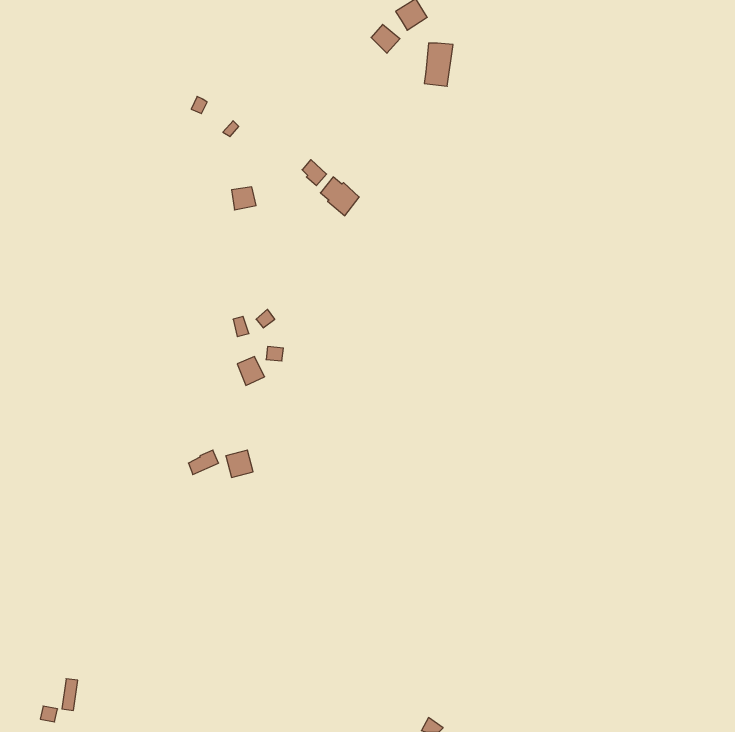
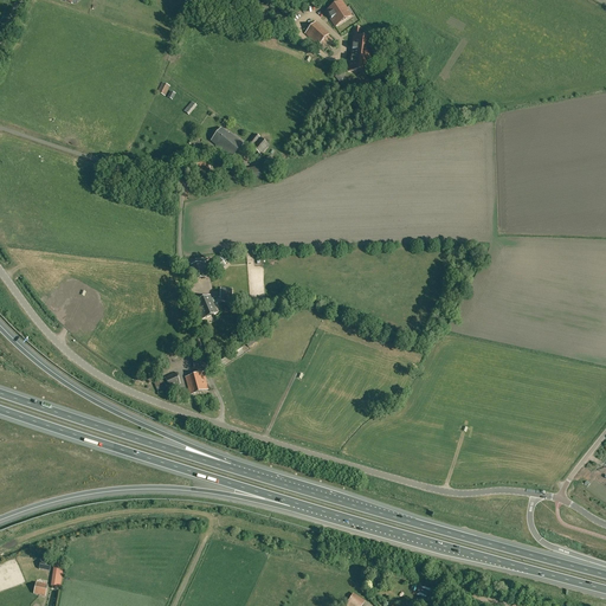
building: [320,177,359,216] -> [211,125,243,157]

